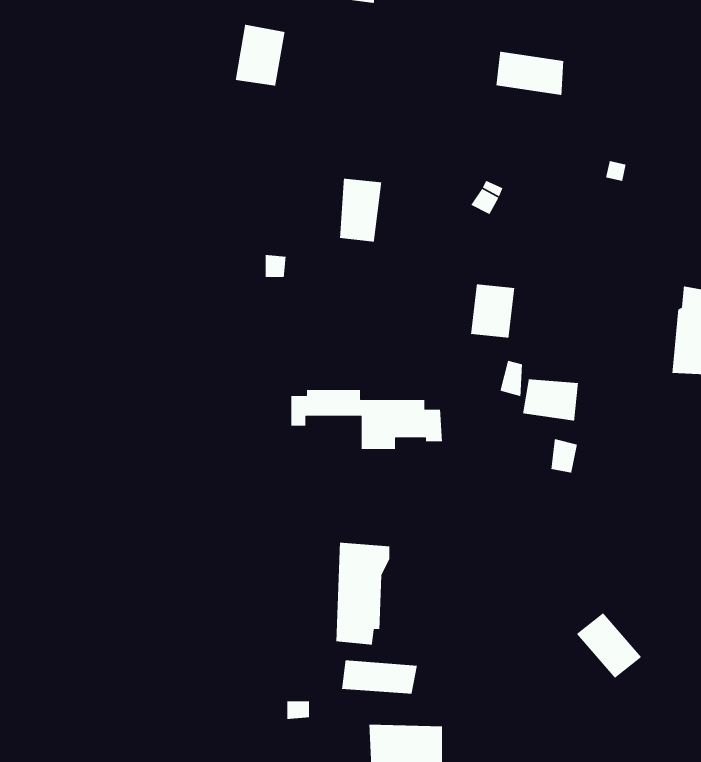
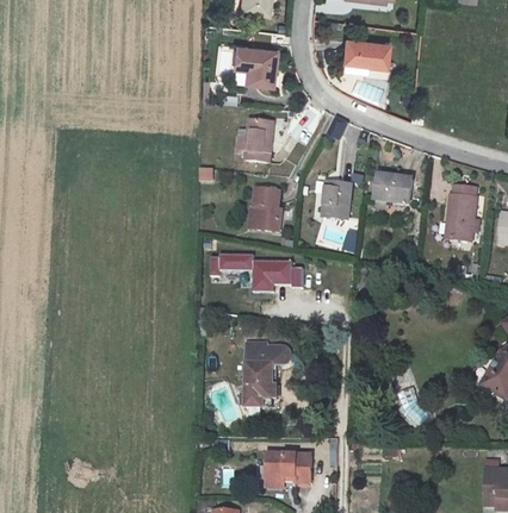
building: [235,24,286,86] -> [240,45,271,83]
building: none -> [256,189,285,232]
building: [522,378,579,422] -> [378,180,413,206]
building: [341,659,418,695] -> none

